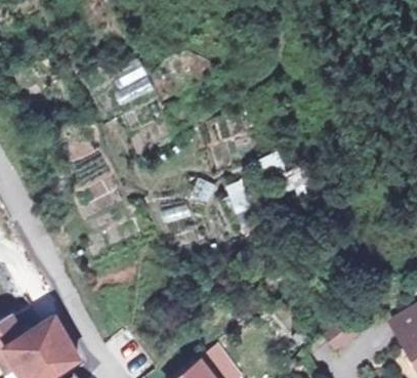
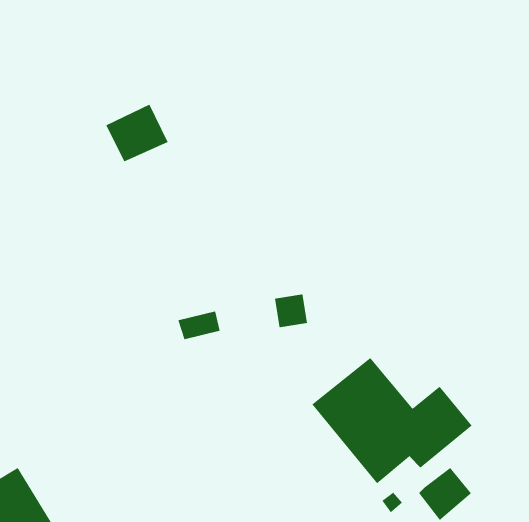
building: none -> [312,357,472,484]

